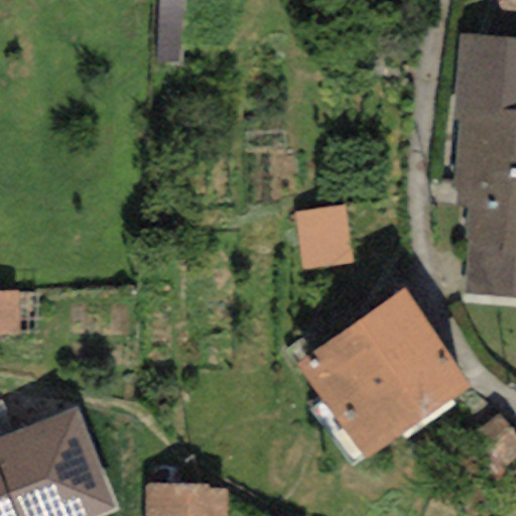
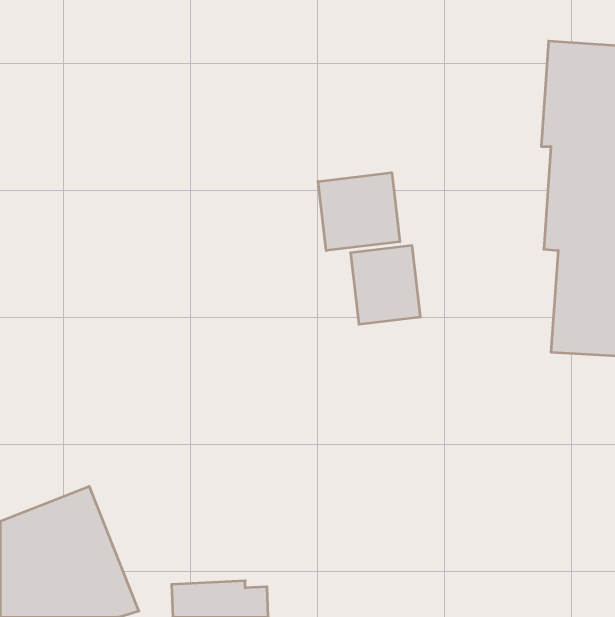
building: none -> [318,173,400,251]
building: [298,290,473,461] -> none

